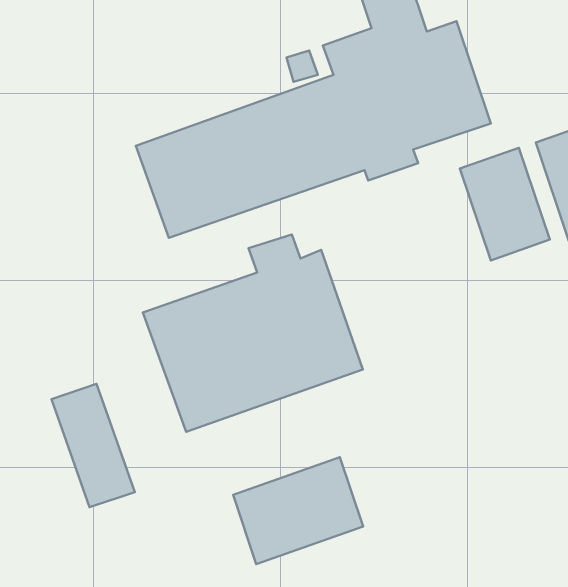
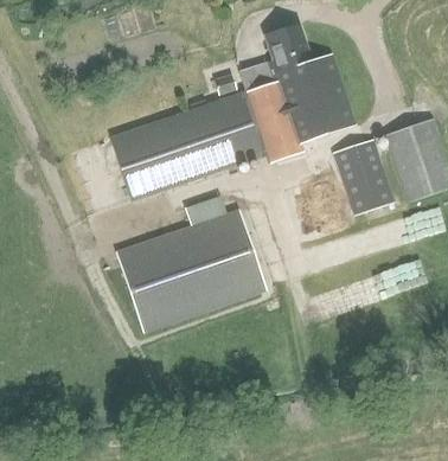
building: [51,384,135,507] -> none
building: [233,457,363,564] -> none

